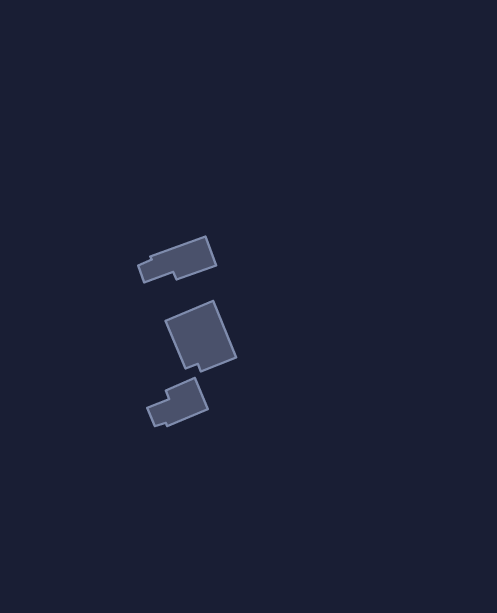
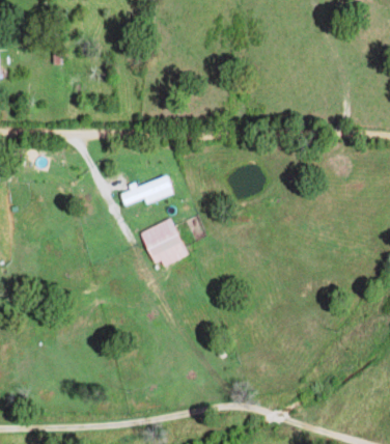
building: [147,378,208,426] -> none

